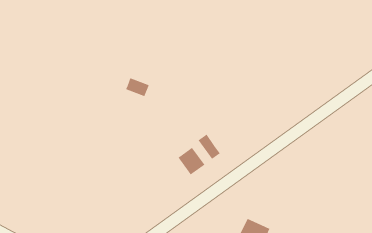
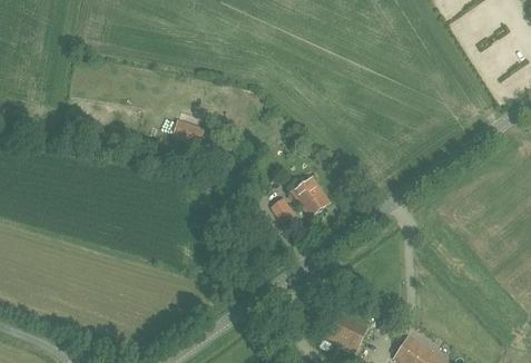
building: [177,147,205,176] -> [292,176,330,215]

